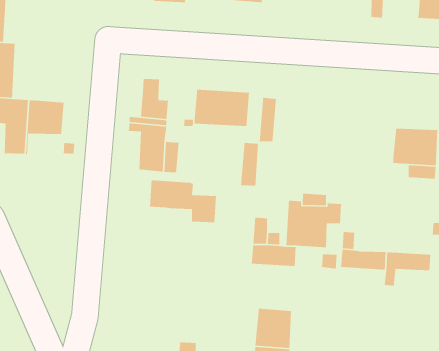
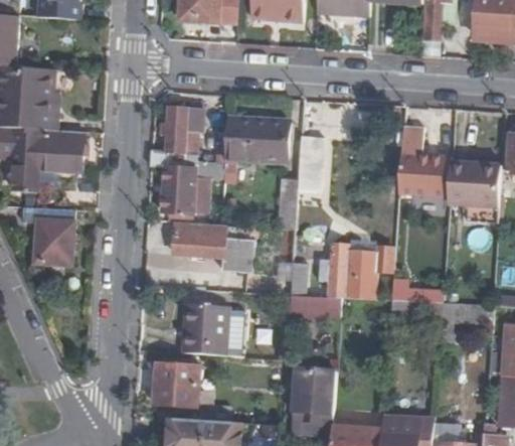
building: none -> [21,67,53,132]
building: none -> [399,127,453,197]
building: none -> [19,207,72,267]
building: none -> [186,304,229,356]
building: none -> [156,364,196,406]

